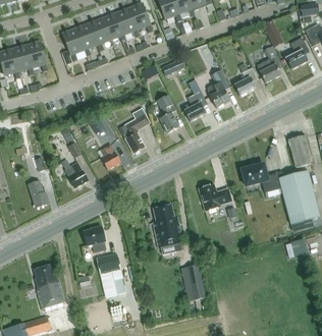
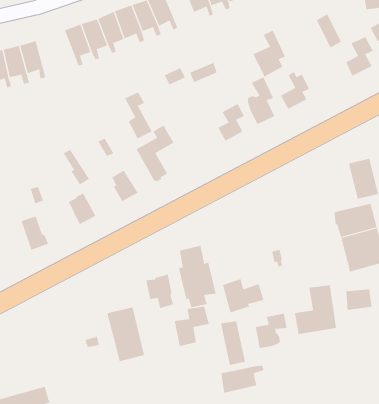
building: [257,45,283,82] -> [253,30,286,77]
building: [157,95,179,132] -> [124,92,152,139]
building: [240,163,278,191] -> none
building: [199,183,232,211] -> [222,278,264,313]
building: [84,225,106,253] -> [146,274,174,308]
building: none -> [295,285,336,335]
building: none -> [174,306,210,347]
building: none -> [255,313,287,349]
building: [35,265,65,307] -> none
building: none -> [221,365,264,393]

